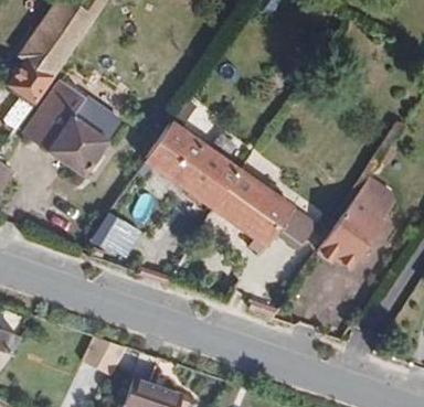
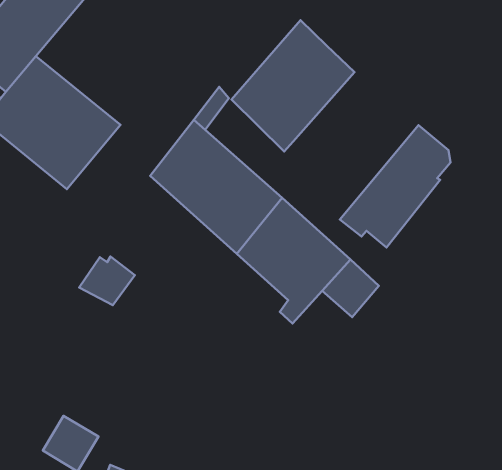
building: none -> [231,20,355,152]
building: [315,179,392,269] -> [340,125,451,247]

